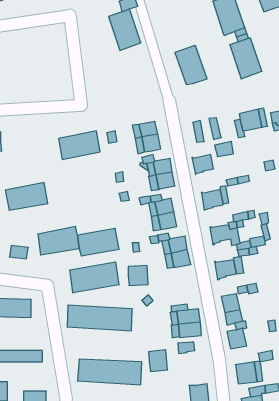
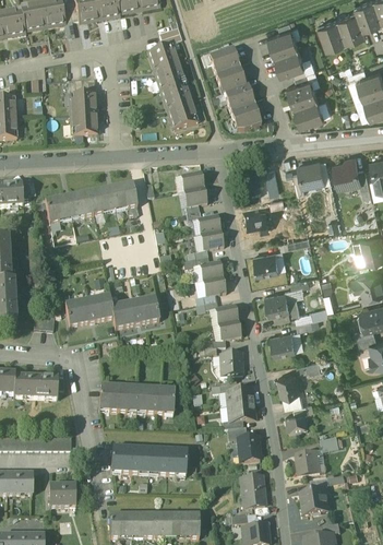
building: none -> [210,46,247,93]
building: none -> [161,81,199,129]
building: none -> [71,91,98,134]
building: [5,183,48,210] -> [46,191,95,223]
building: [70,262,119,293] -> none
building: [128,266,148,286] -> [220,352,243,375]
building: [149,350,168,372] -> [239,435,261,460]

